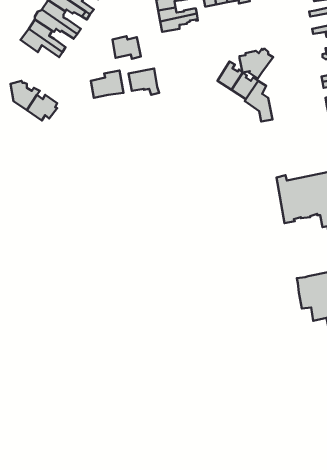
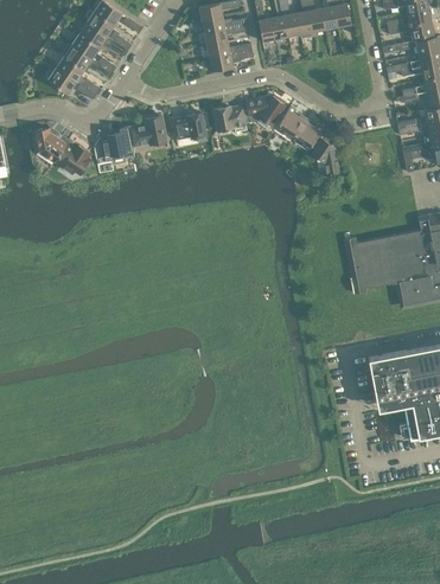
building: [112,36,141,59] -> [213,107,247,133]
building: [240,49,273,78] -> [247,96,286,130]
building: none -> [101,127,135,166]

